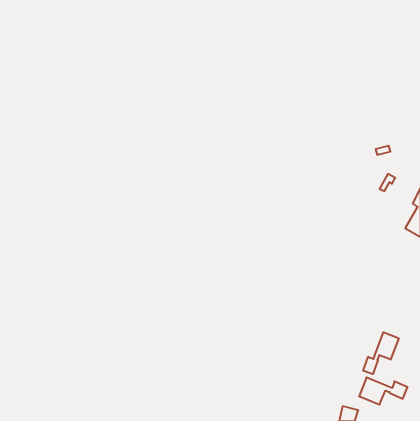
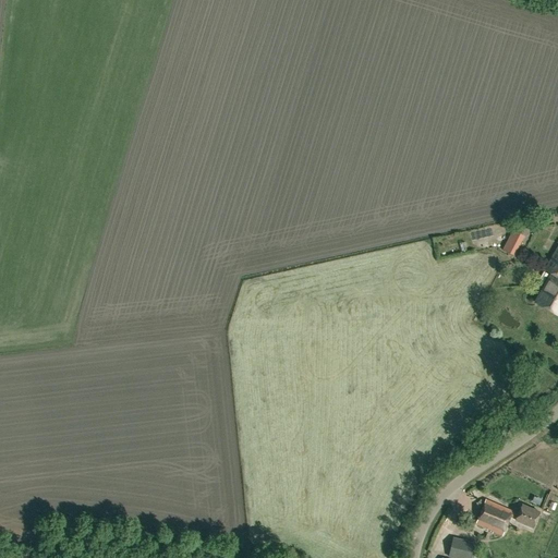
building: [363,332,399,374] -> none

